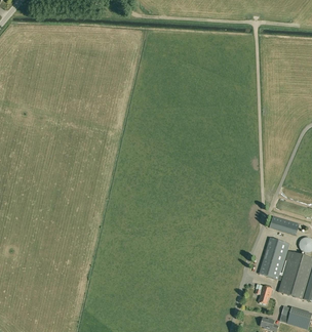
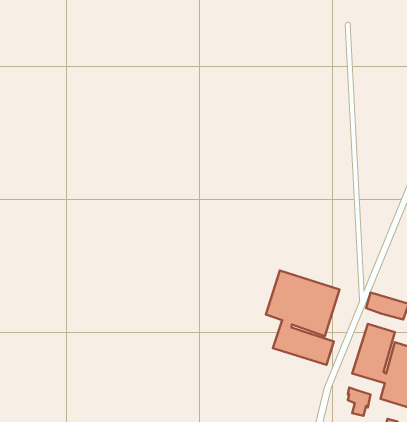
building: none -> [266,270,339,365]

